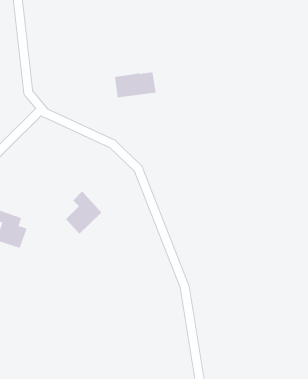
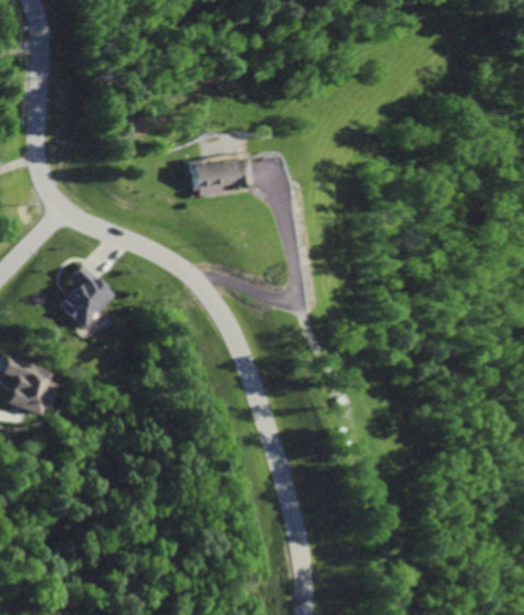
building: [65,191,102,234] -> [62,263,118,328]

